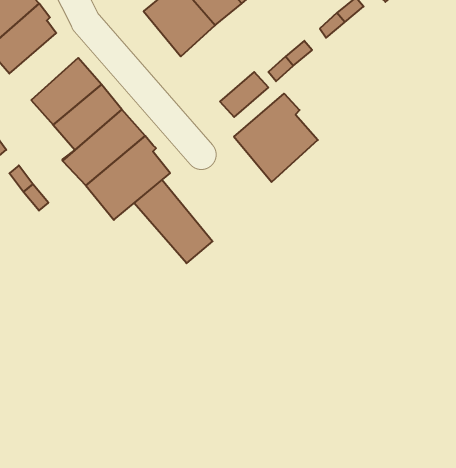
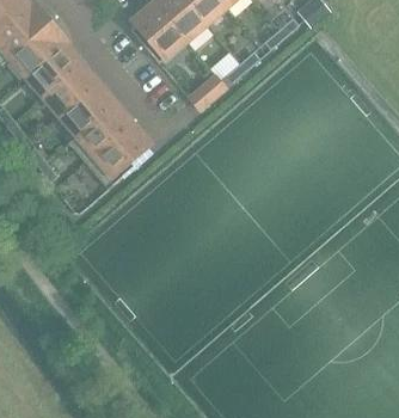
building: none -> [27,43,80,94]
building: [234,94,318,182] -> none
building: [134,180,213,263] -> none

